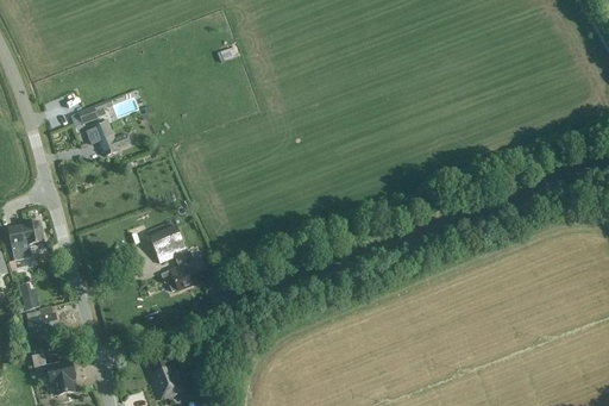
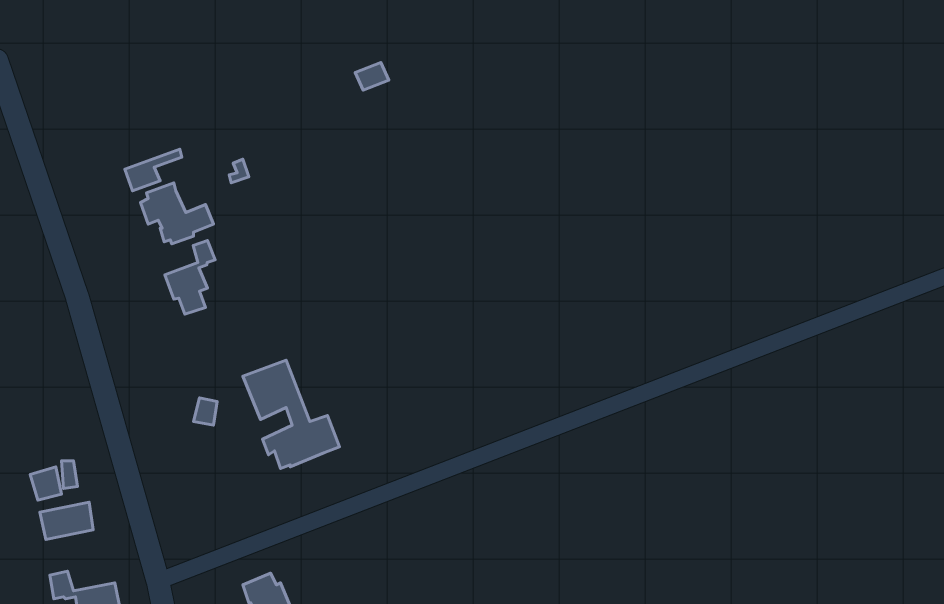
building: none -> [165,241,215,314]
building: [7,220,43,260] -> none

